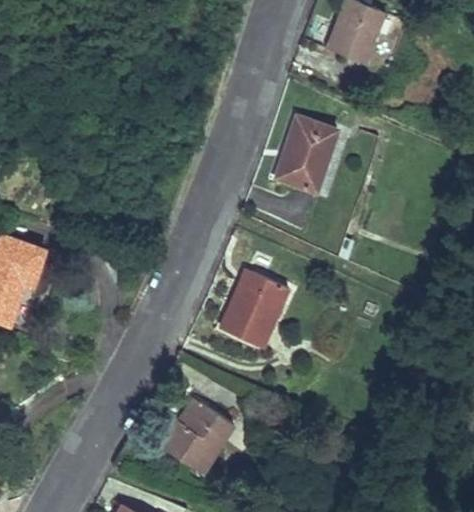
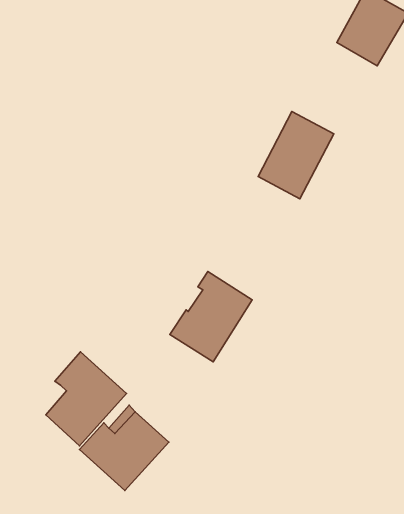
building: none -> [46,352,127,446]

